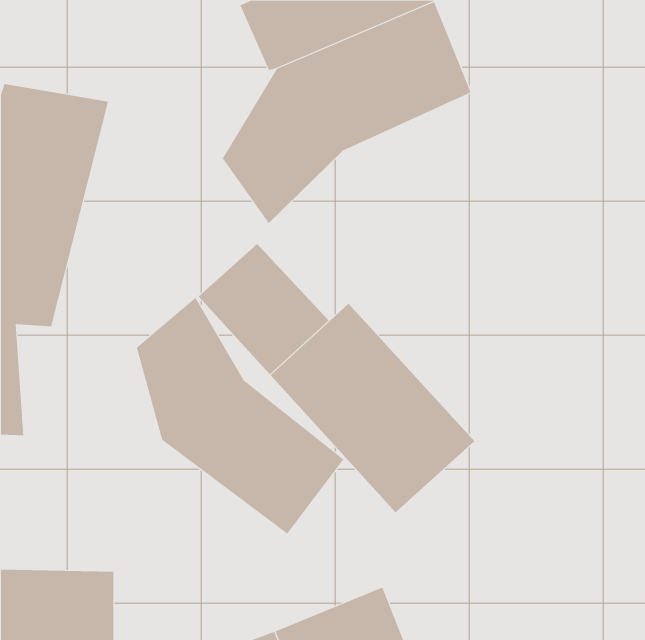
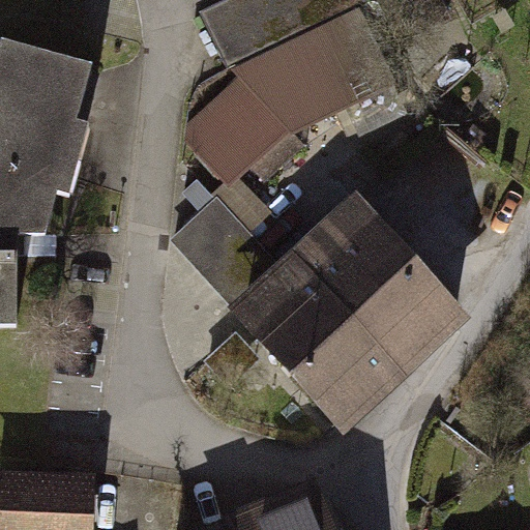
building: none -> [287,190,460,366]
building: [136,297,344,535] -> none

